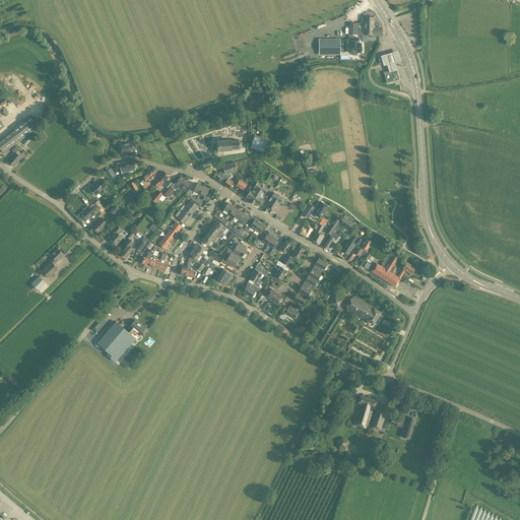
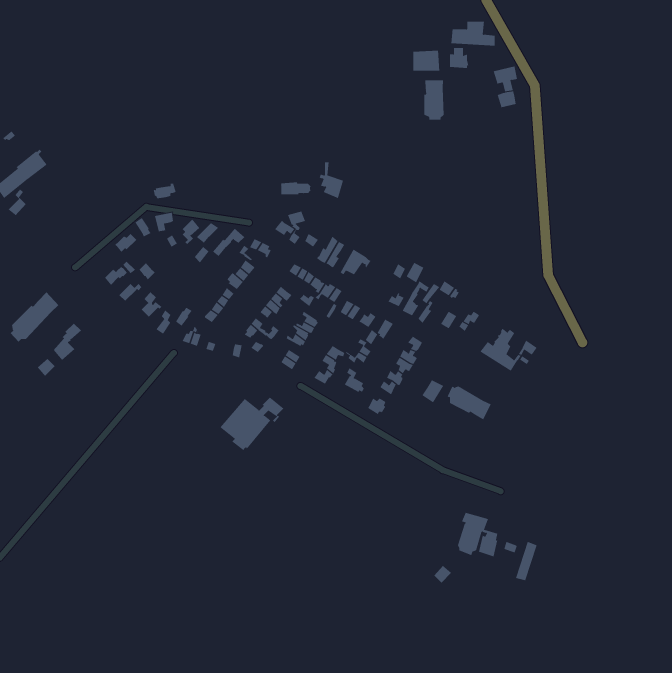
building: none -> [424,79,444,121]
building: none -> [10,291,59,342]
building: [95,320,145,362] -> [220,397,284,451]

